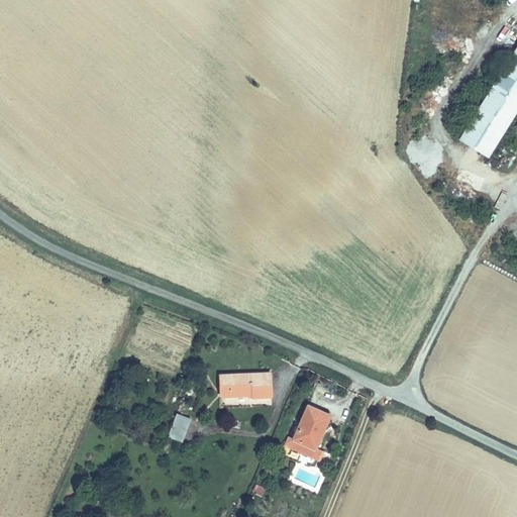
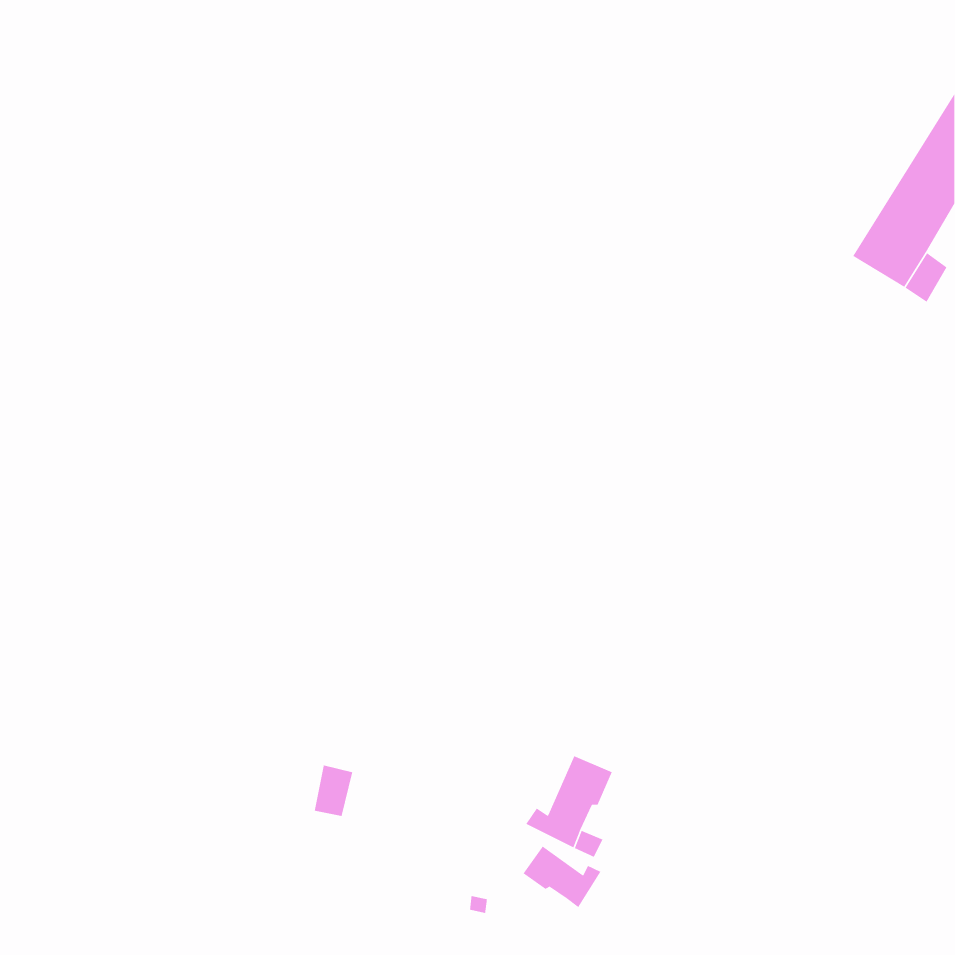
building: [221,375,271,398] -> none
building: none -> [523,846,602,908]

